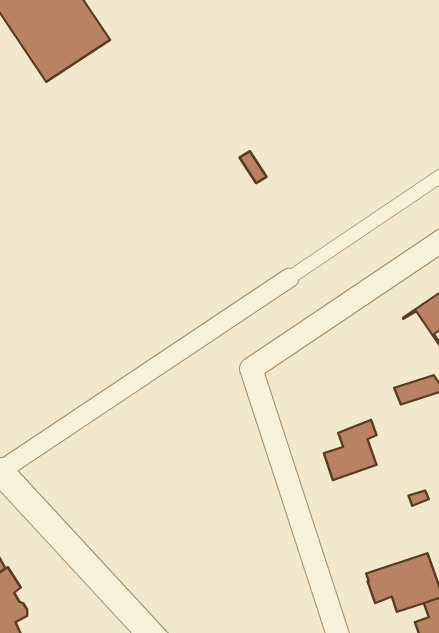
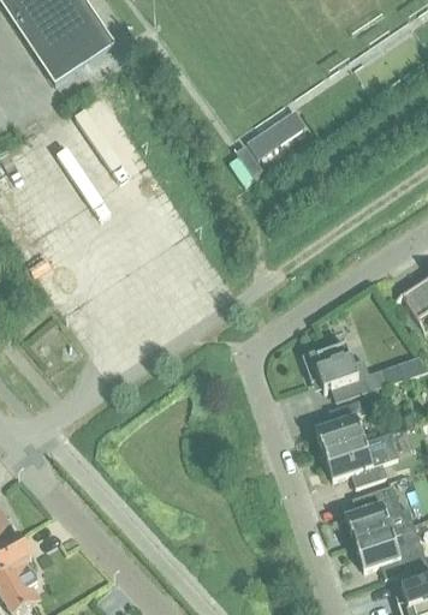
building: none -> [248,112,305,160]
building: none -> [302,345,369,392]
building: none -> [323,432,396,488]
building: none -> [344,485,412,543]

